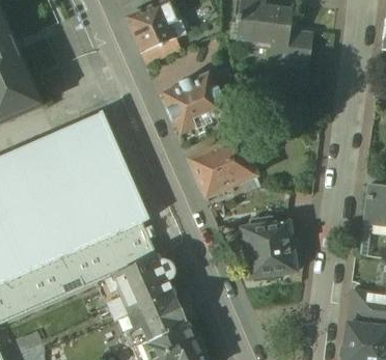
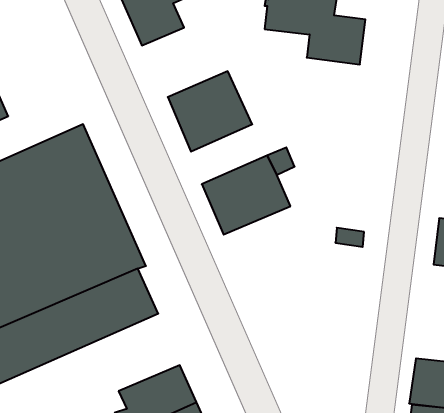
building: [244,220,297,279] -> none
building: [107,260,173,322] -> none

